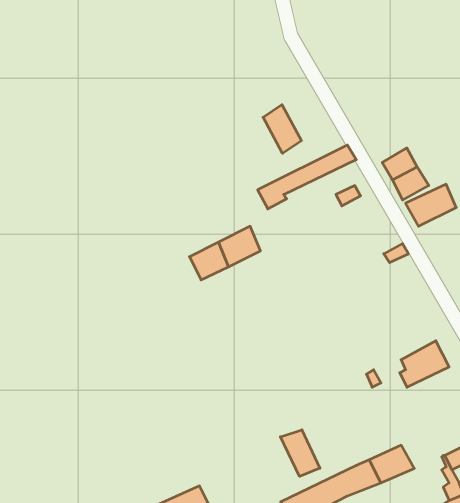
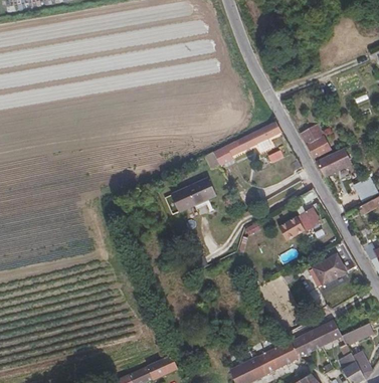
building: [263,105,301,153] -> none
building: none -> [288,208,319,234]
building: [280,430,320,476] -> none
building: none -> [313,319,342,345]

